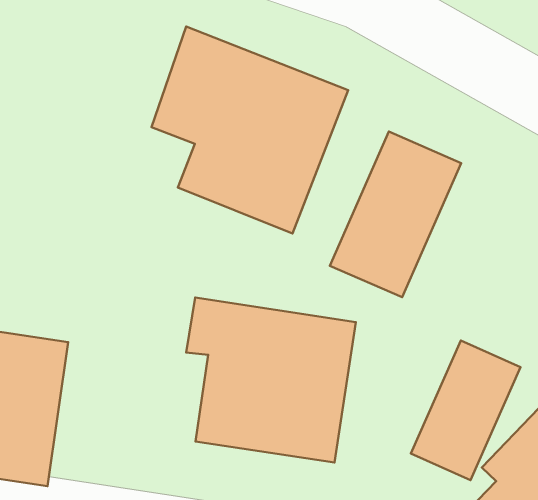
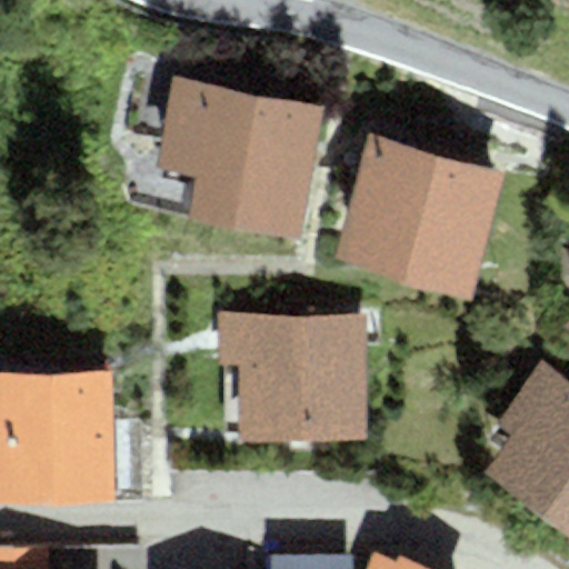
building: none -> [402,157,503,301]
building: [411,340,520,480] -> none

